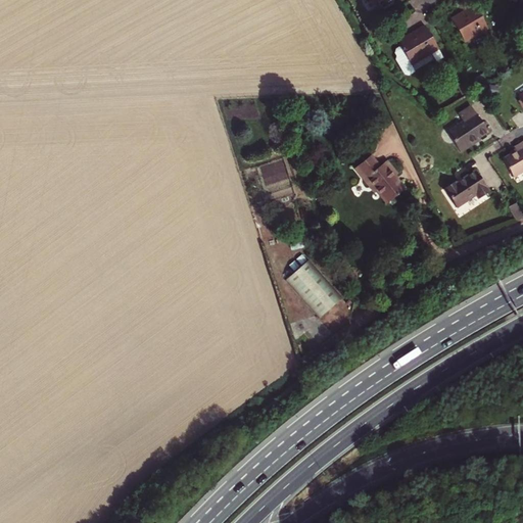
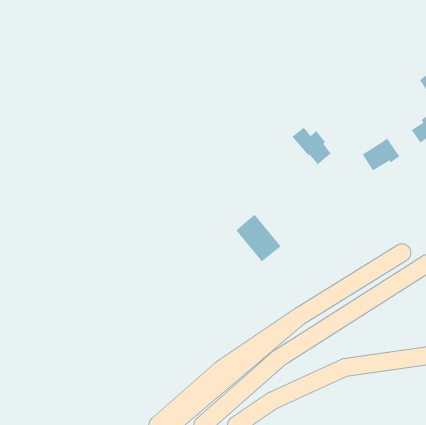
building: [450,4,487,41] -> none
building: [397,26,438,64] -> none
building: [447,105,488,151] -> none

